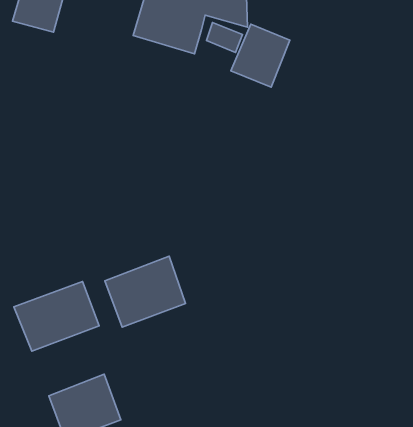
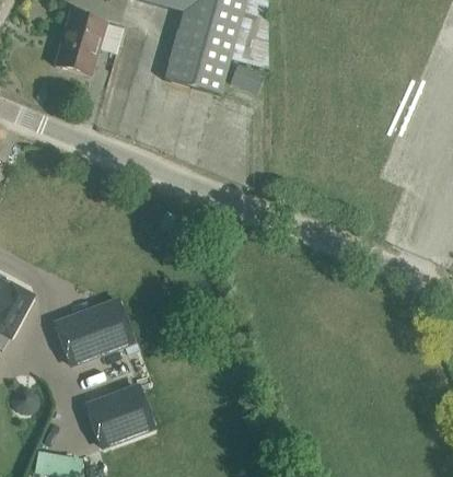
building: [231,24,290,87] -> none
building: [105,256,186,327] -> none

